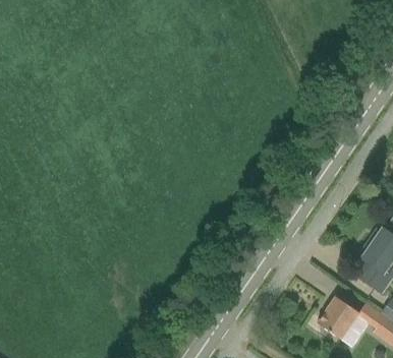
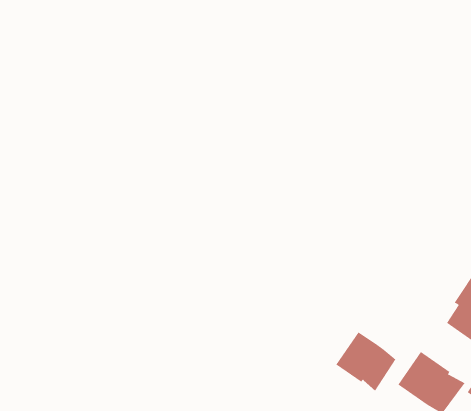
building: none -> [335,331,396,392]

